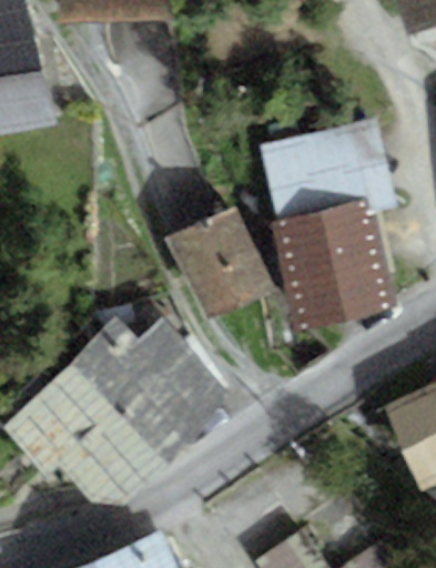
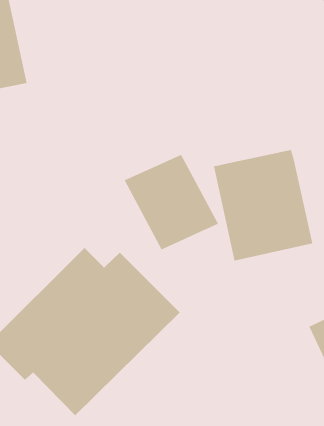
building: [261,119,397,217] -> none

